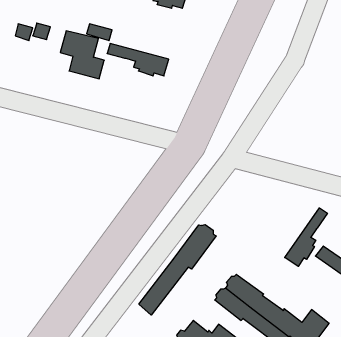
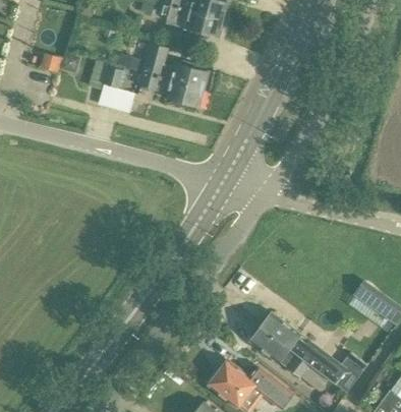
building: none -> [140,59,207,91]
building: [285,208,327,266] -> none
building: [139,225,216,315] -> none

